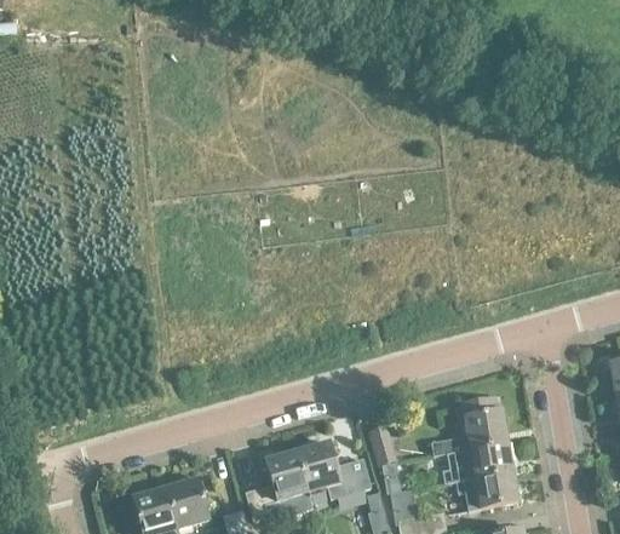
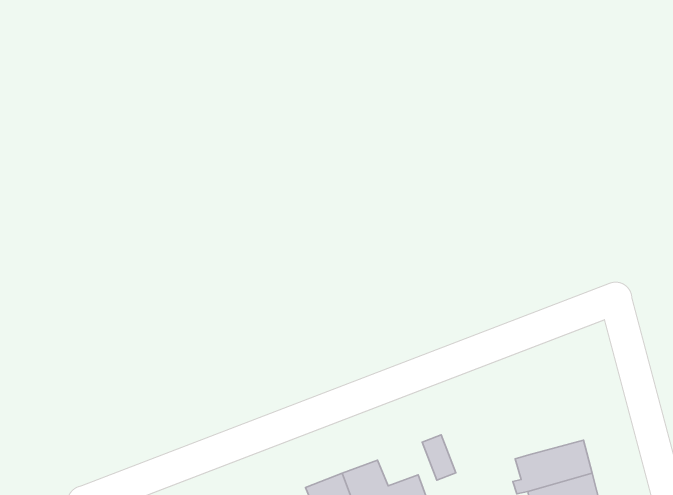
building: [429,396,507,454] -> none

